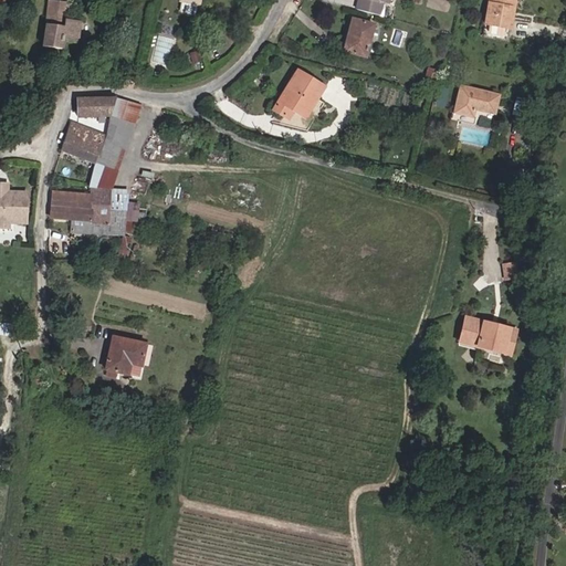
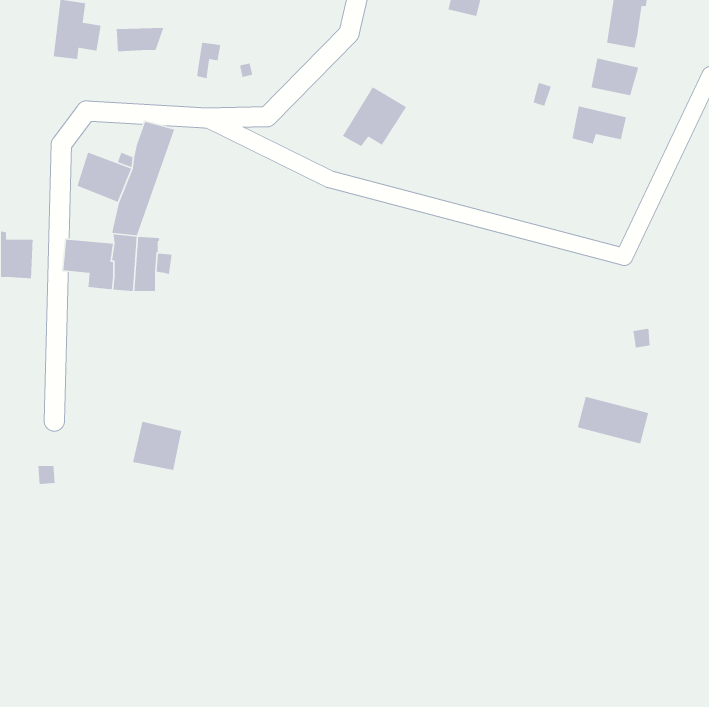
building: [344,17,374,55] -> none
building: none -> [591,57,639,96]
building: [77,96,116,116] -> [116,27,164,52]

